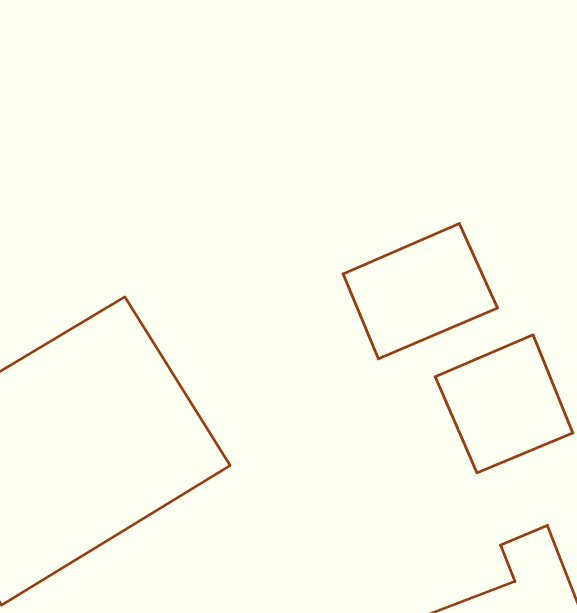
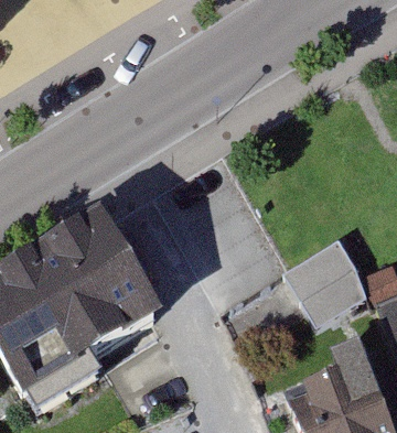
building: [343,223,498,359] -> none

